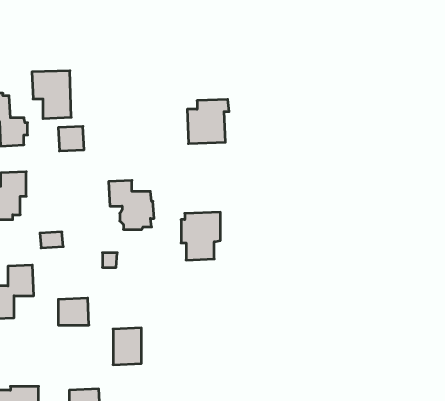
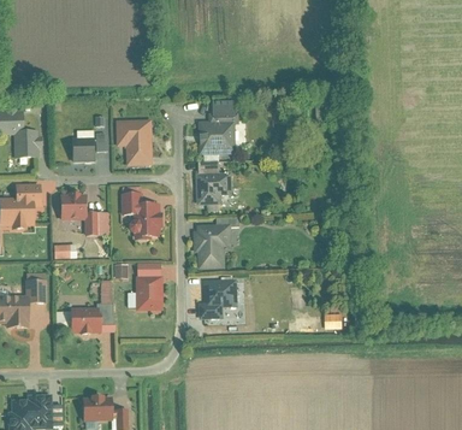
building: [32,71,71,119] -> [116,119,154,166]
building: none -> [194,172,231,206]
building: none -> [59,193,111,237]
building: none -> [197,279,236,319]
building: [113,328,141,365] -> [136,276,164,312]

